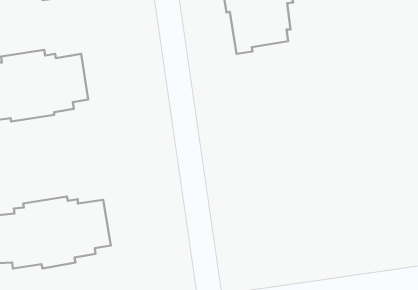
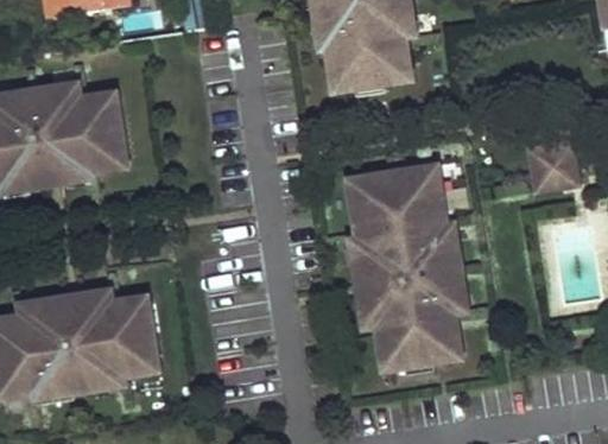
building: none -> [530,141,575,189]
building: none -> [349,166,461,370]

